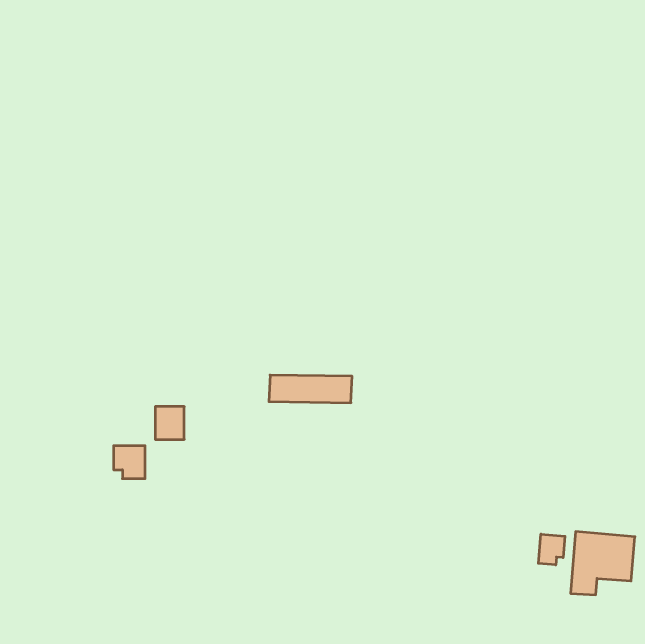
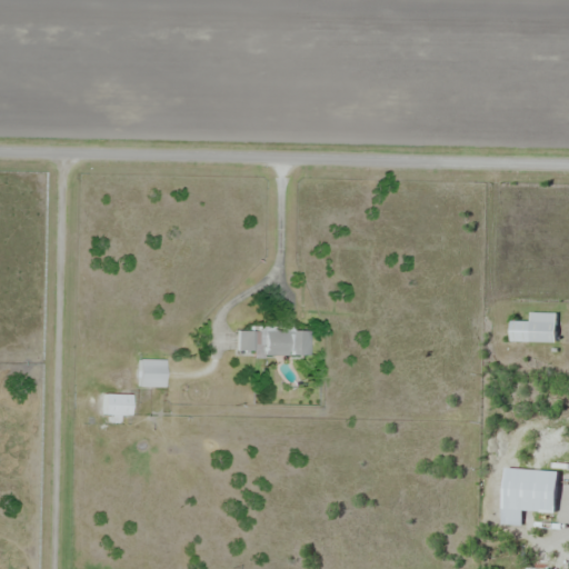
building: none -> [510,313,559,341]
building: [538,534,565,565] -> none

